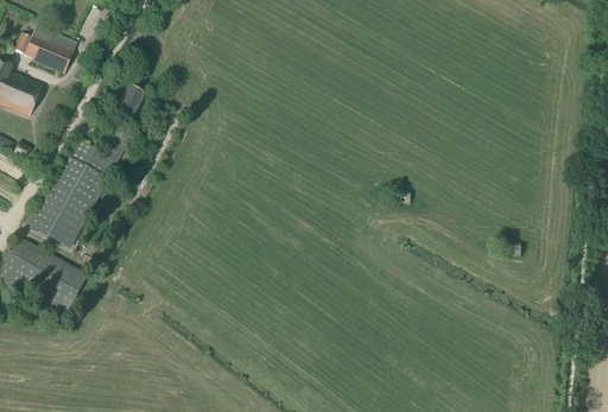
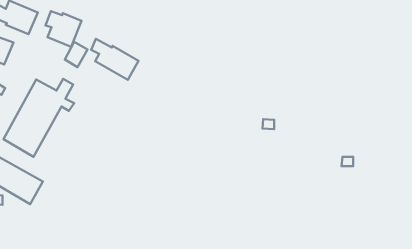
building: none -> [46,11,81,47]
building: none -> [91,39,139,80]

